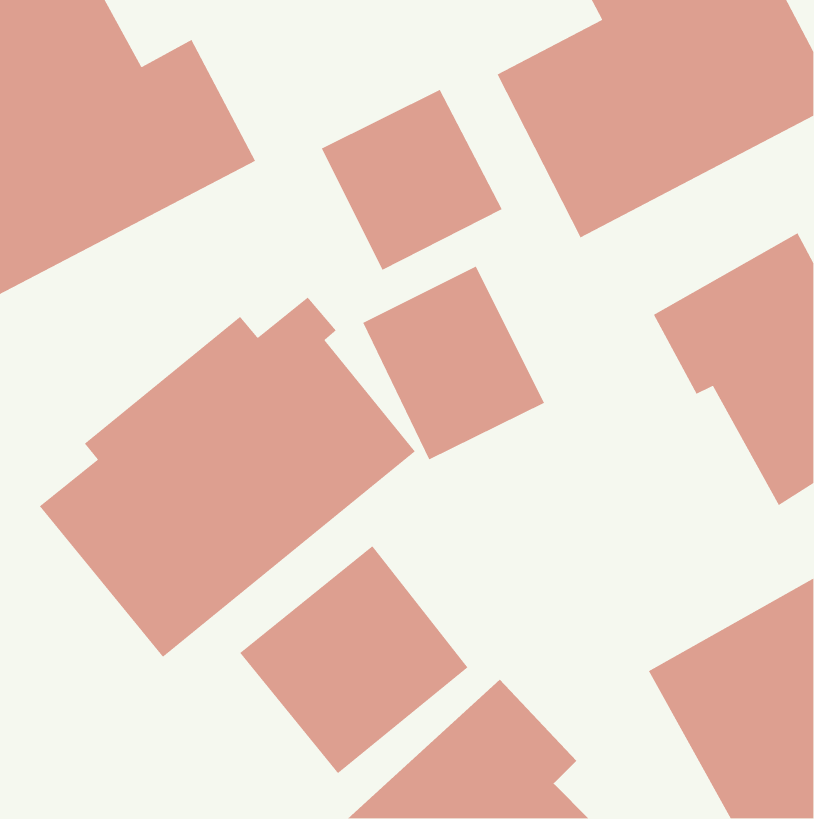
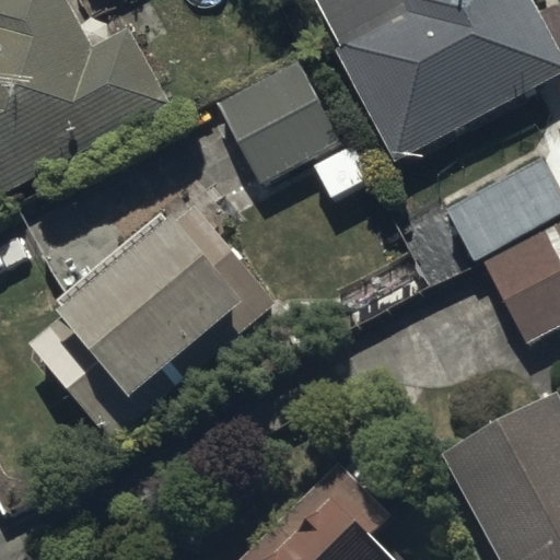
building: [362,265,545,461] -> none
building: [239,545,469,774] -> none

